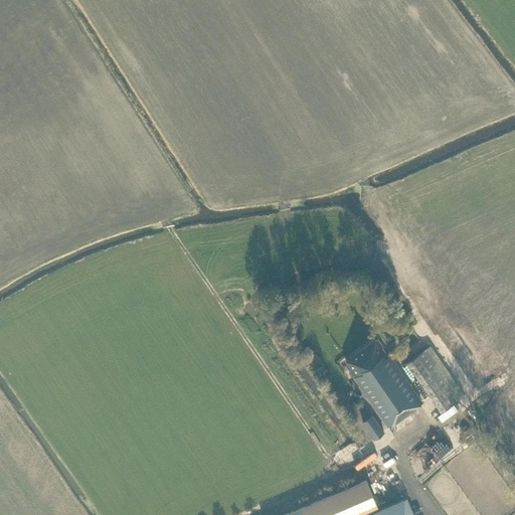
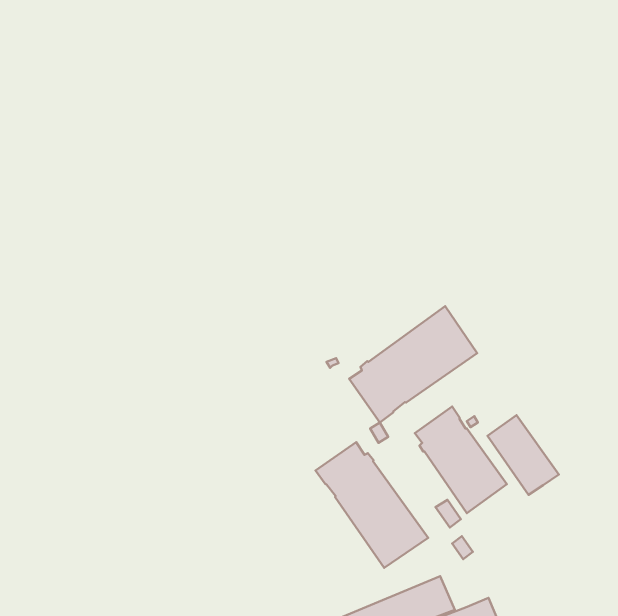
building: none -> [349,306,477,422]
building: none -> [316,442,428,568]

